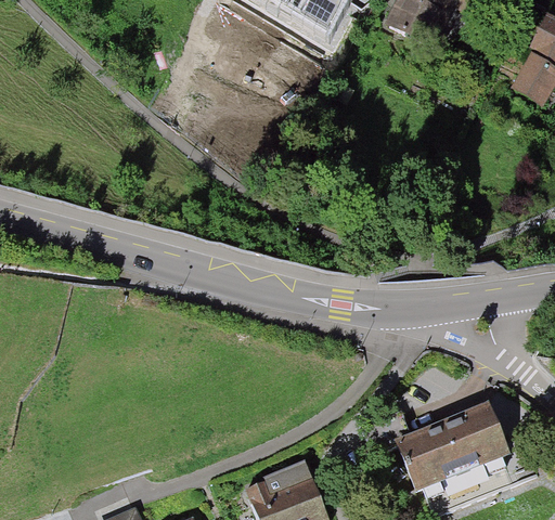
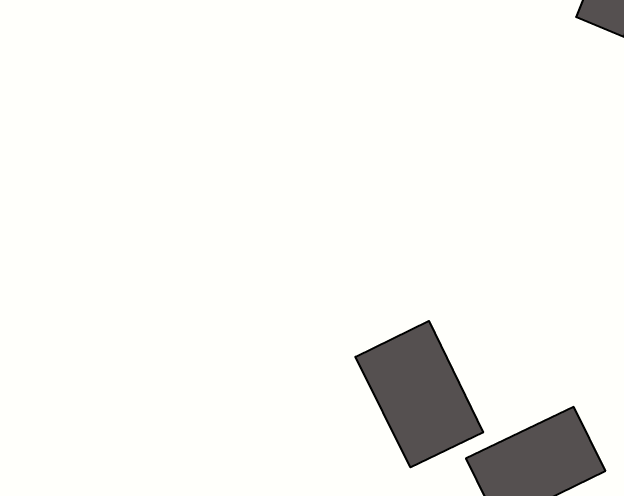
building: none -> [355,321,483,467]

